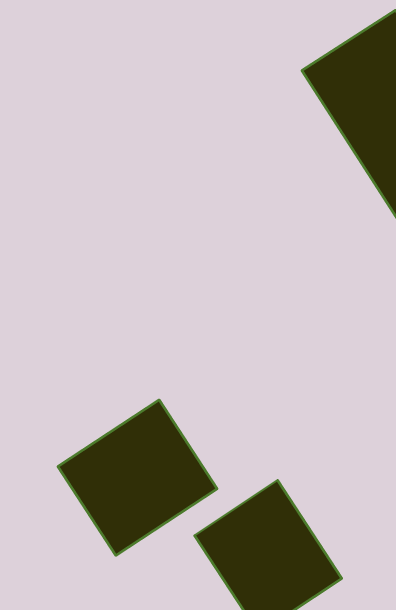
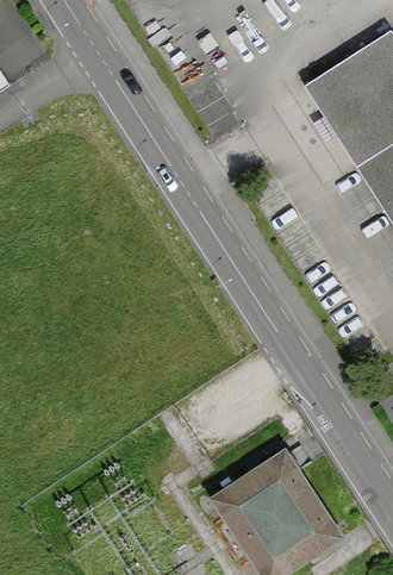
building: [58,400,217,555] -> none

